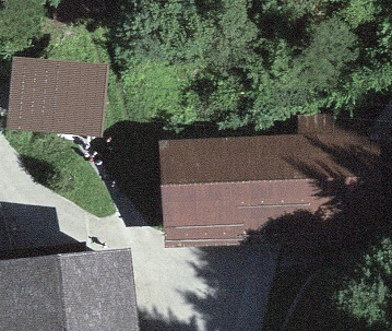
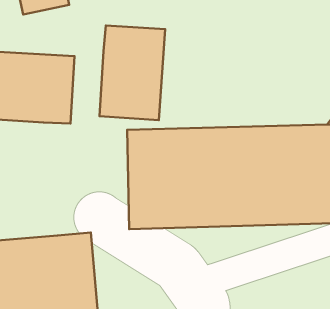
building: none -> [99,25,165,120]

